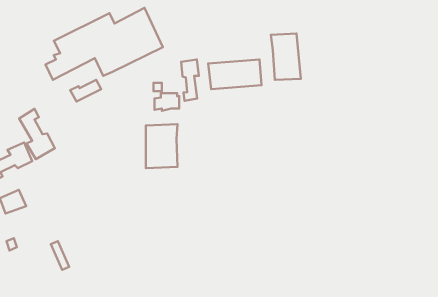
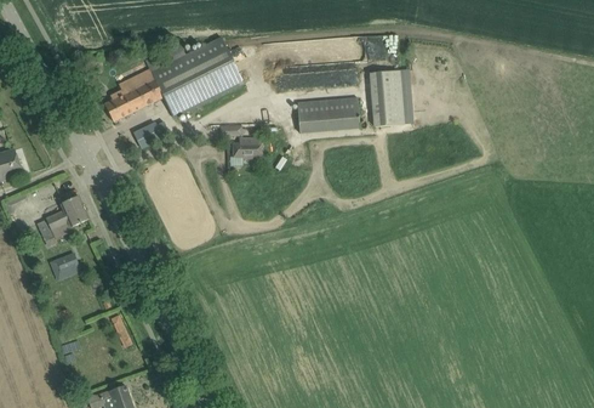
building: [181,59,199,101] -> none
building: [19,109,55,159] -> none
building: [146,124,177,168] -> none

